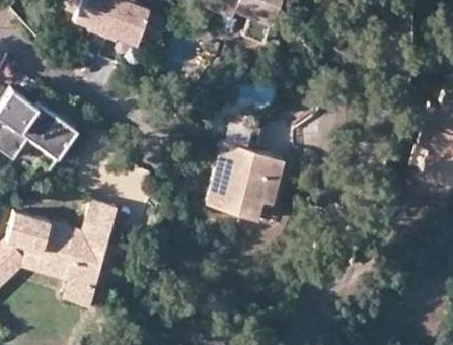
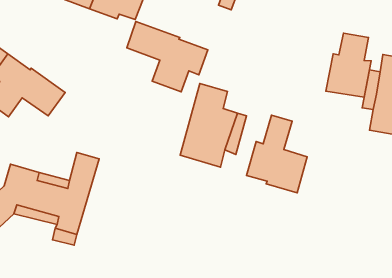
building: none -> [127,21,208,92]
building: none -> [326,33,371,97]
building: none -> [246,115,307,193]

